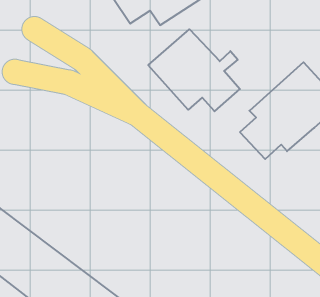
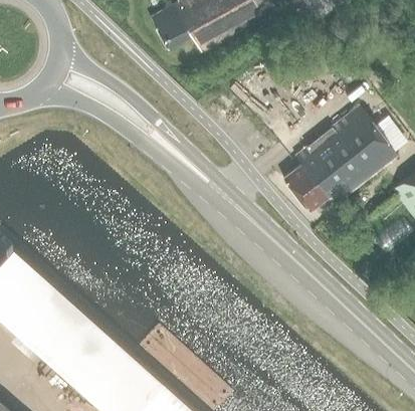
building: [148,29,240,111] -> none

